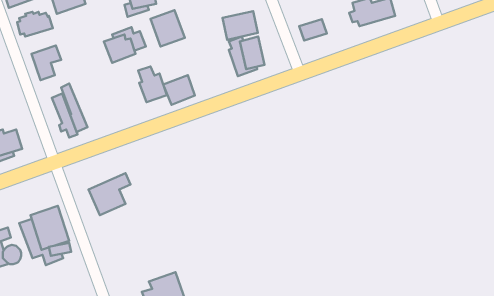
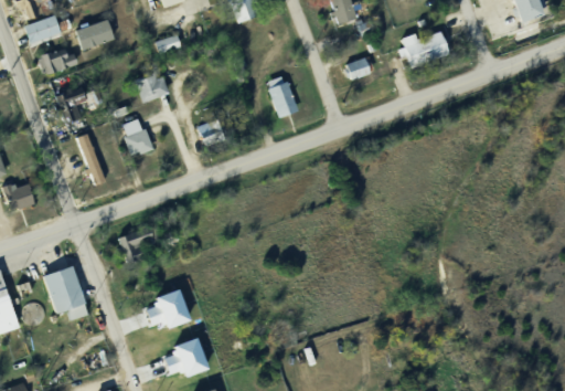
building: [150,10,185,47] -> none
building: [222,11,258,40] -> none
building: [138,66,167,102] -> [120,120,151,159]
building: none -> [153,283,201,324]

